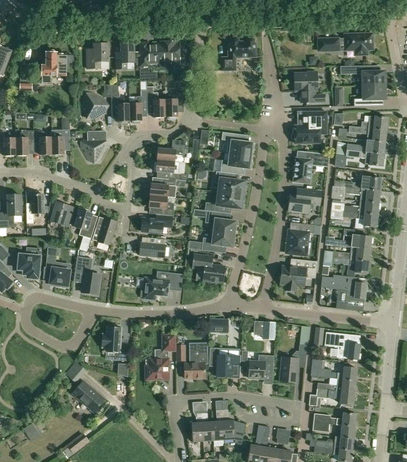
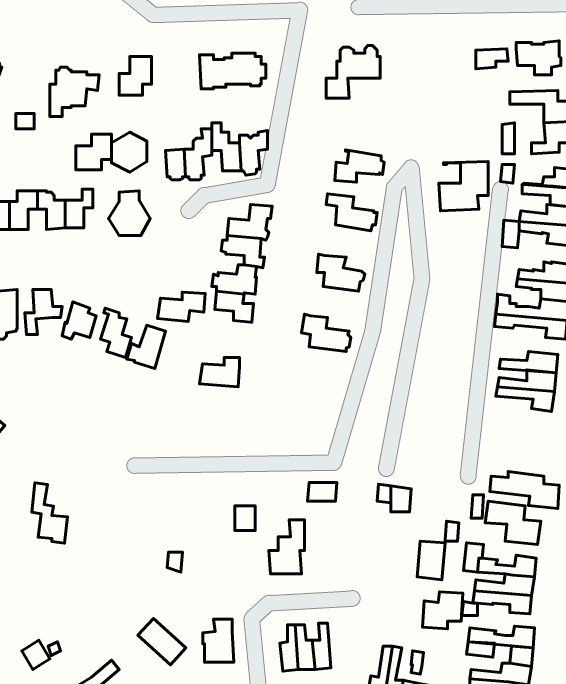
building: [115,42,134,69] -> none
building: [294,71,317,102] -> none
building: none -> [76,134,111,170]
building: [220,152,252,173] -> [335,150,384,182]
building: [293,152,319,184] -> none
building: [288,189,321,213] -> none
building: [211,192,243,213] -> none
building: [141,214,172,233] -> [157,292,205,321]
building: [286,223,315,255] -> none
building: [202,231,235,252] -> none
building: [46,248,69,287] -> [32,483,67,543]
building: [18,252,40,279] -> none
building: [192,254,225,284] -> none
building: [75,256,100,294] -> none
building: [280,258,317,291] -> none
building: [141,273,176,300] -> none
building: [321,274,366,298] -> [490,471,559,508]
building: [102,325,127,360] -> none
building: [209,348,240,377] -> none
building: [149,350,169,378] -> [203,619,234,662]
building: [248,354,274,378] -> [423,592,463,629]
building: [73,381,104,411] -> [138,618,186,665]
building: [222,410,246,439] -> none

